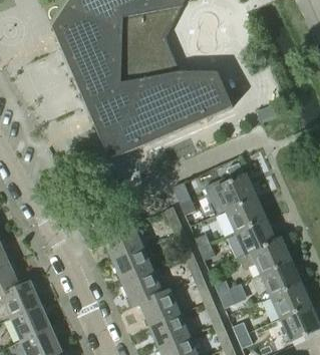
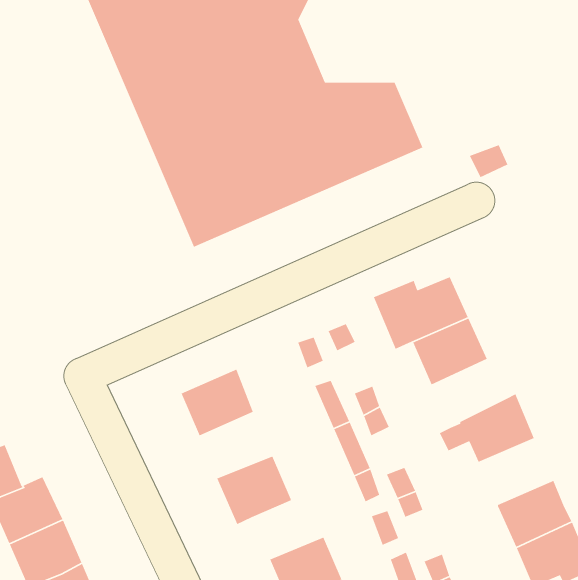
building: [236,219,281,255] -> none
building: [112,247,151,282] -> none
building: [261,261,301,296] -> none
building: [140,289,179,325] -> none

